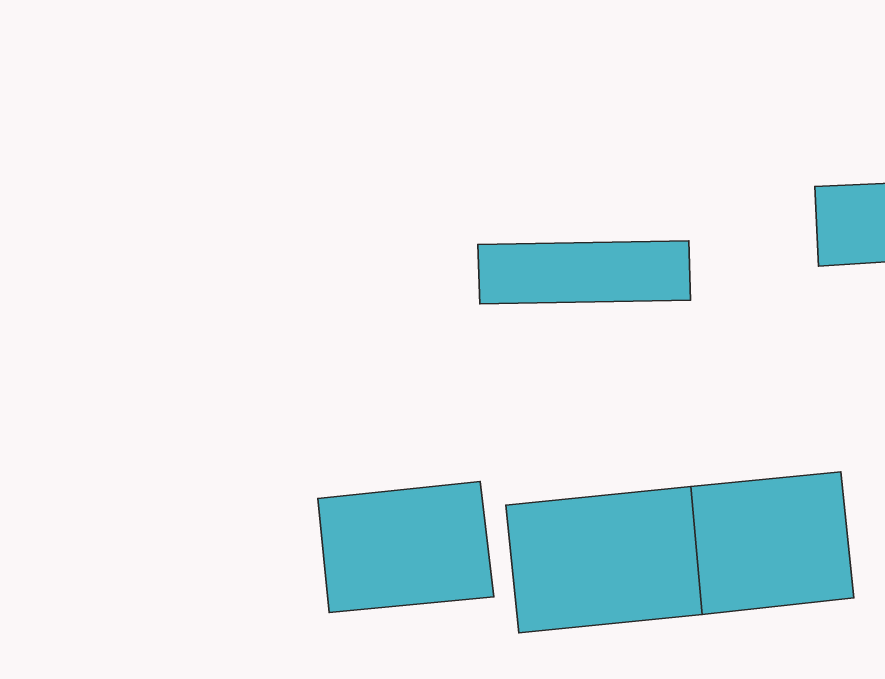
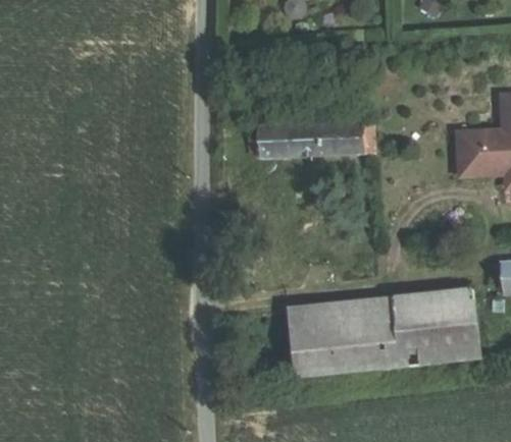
building: [478,241,691,304] -> [257,122,374,157]
building: [318,482,494,613] -> none

